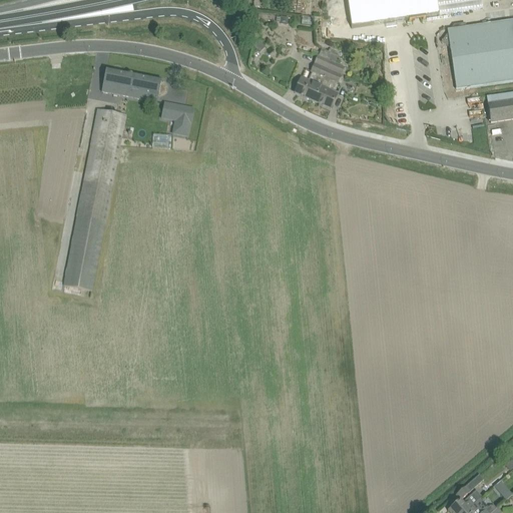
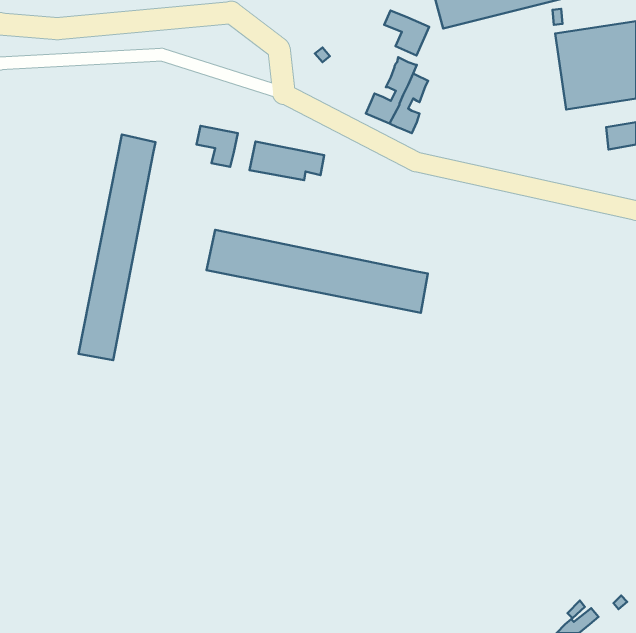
building: none -> [384,11,429,56]
building: [101,67,161,98] -> [249,142,324,180]
building: none -> [207,230,428,313]

